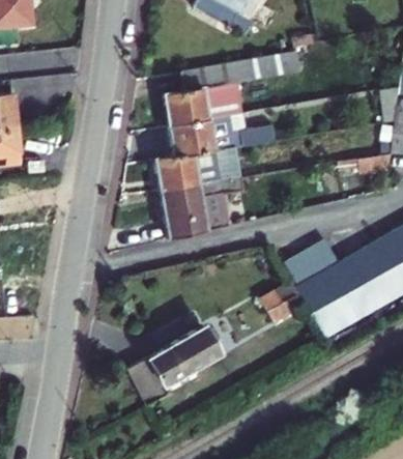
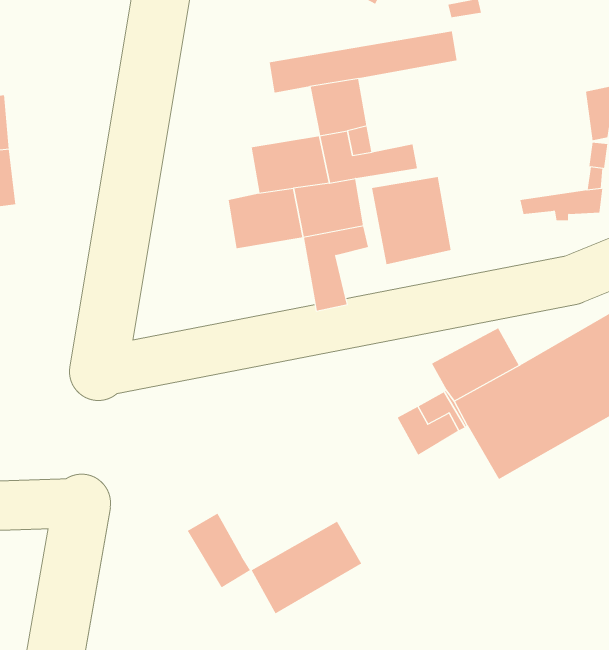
building: [163,88,212,126] -> none
building: [160,183,210,239] -> [371,176,452,265]
building: [148,326,219,385] -> [251,521,362,614]

